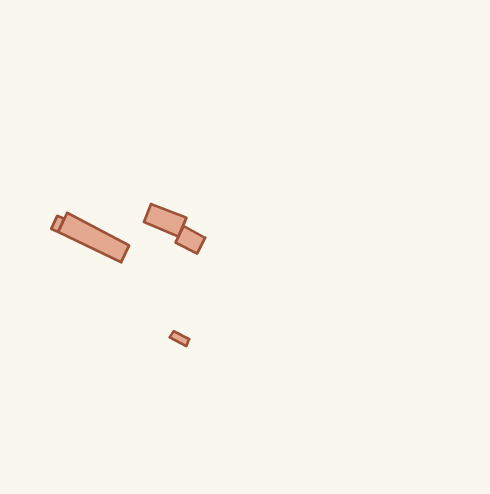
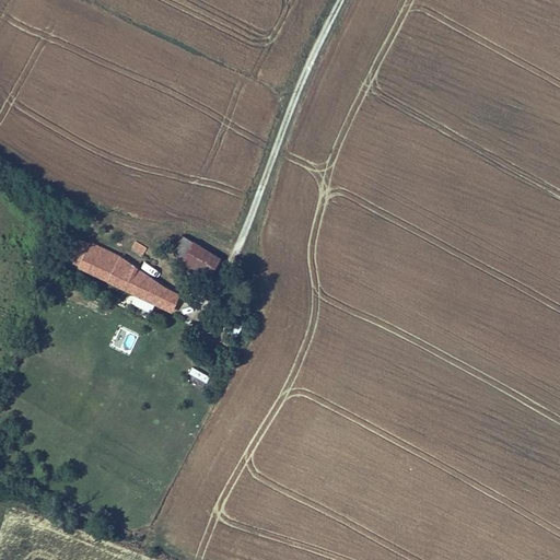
building: [176,226,205,253] -> [150,283,183,314]

